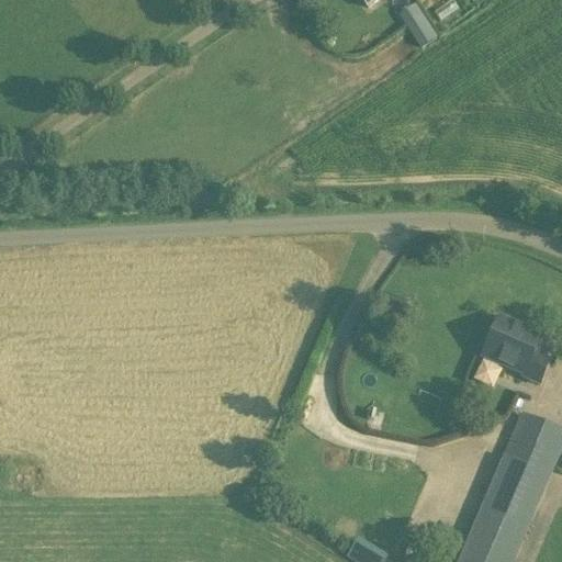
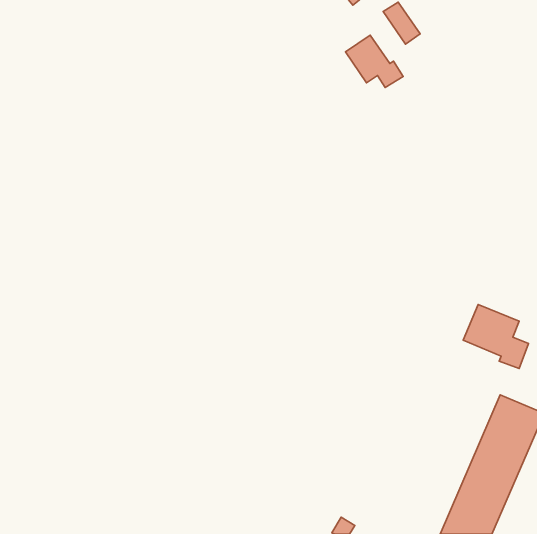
building: none -> [345,35,403,87]

